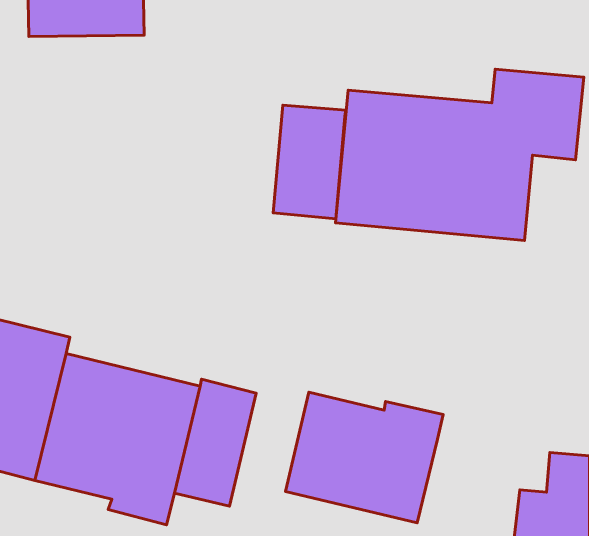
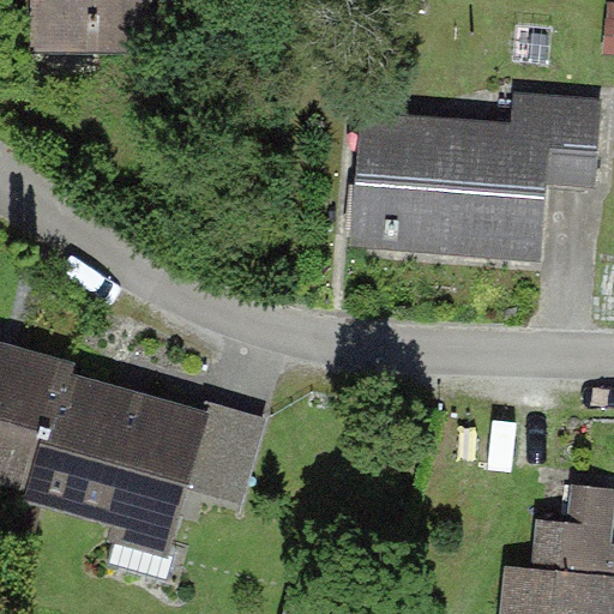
building: [273,105,346,219] -> none
building: [285,392,443,523] -> none

